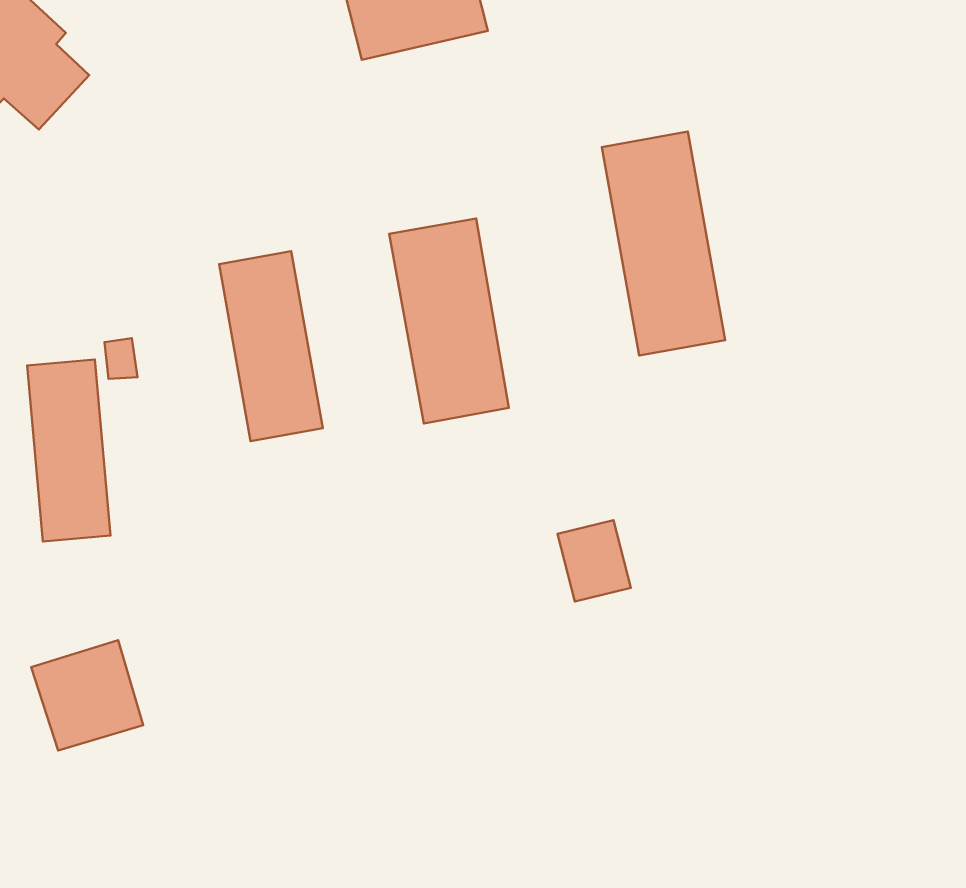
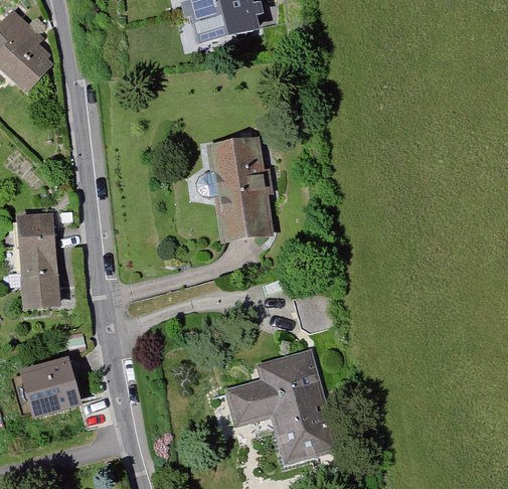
building: [602,132,725,356] -> none
building: [219,251,323,441] -> none
building: none -> [226,351,335,470]

